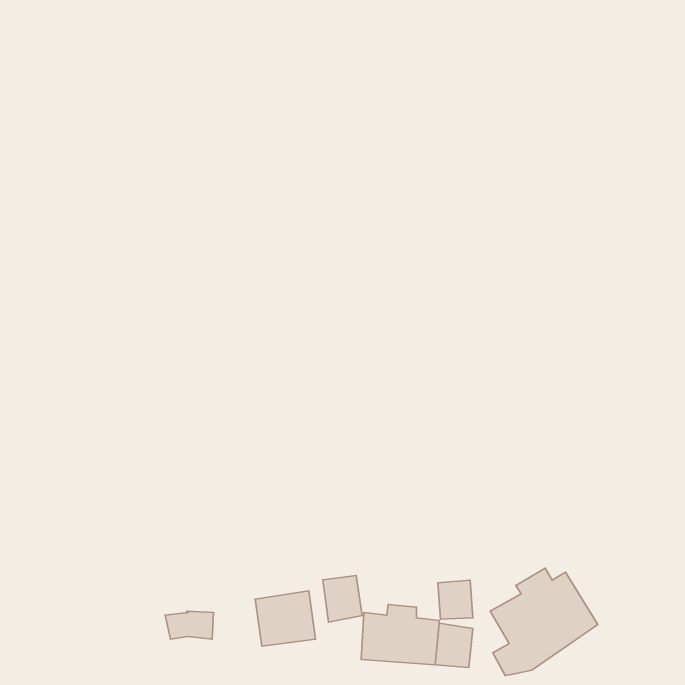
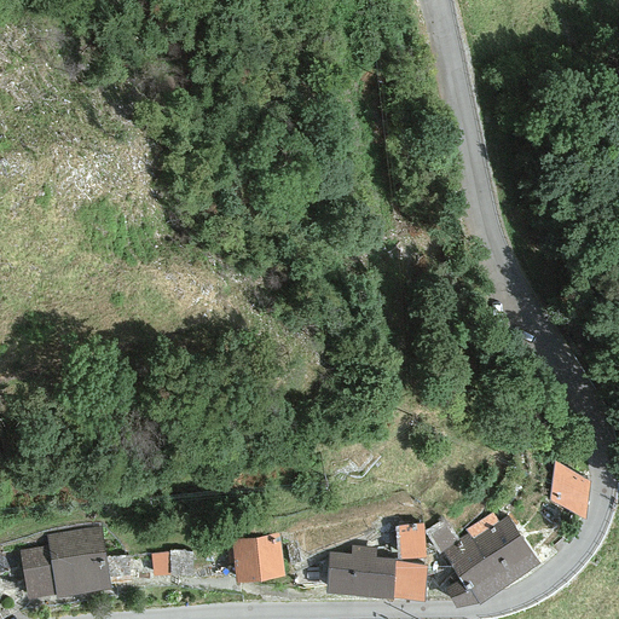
building: none -> [550,461,590,519]
building: [323,576,362,622] -> none
building: none -> [19,525,111,598]

